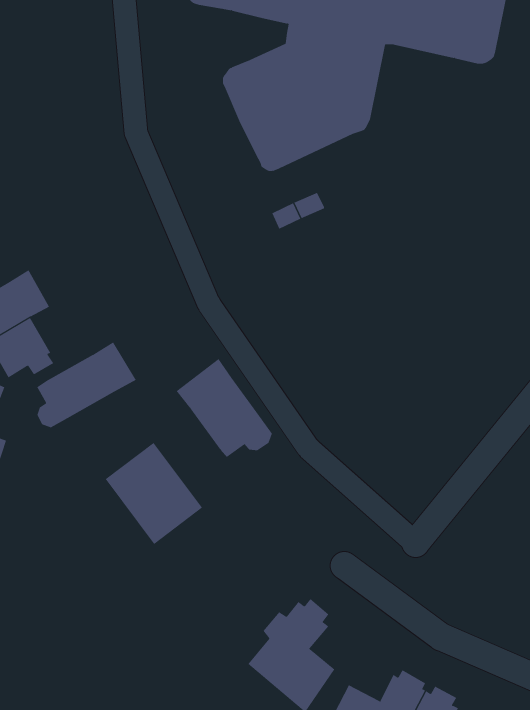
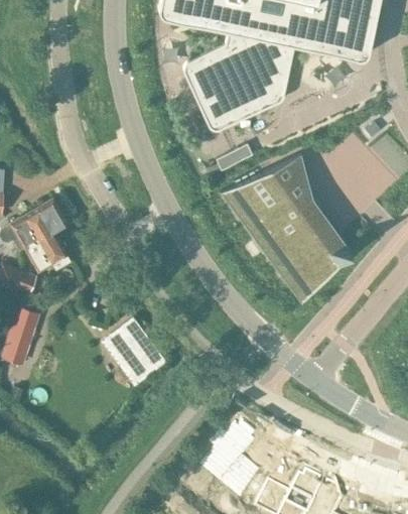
building: none -> [221,153,351,301]
building: [37,341,136,428] -> none
building: [176,358,272,458] -> none

